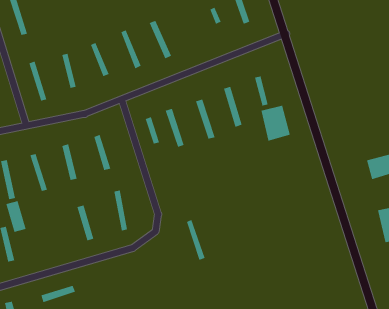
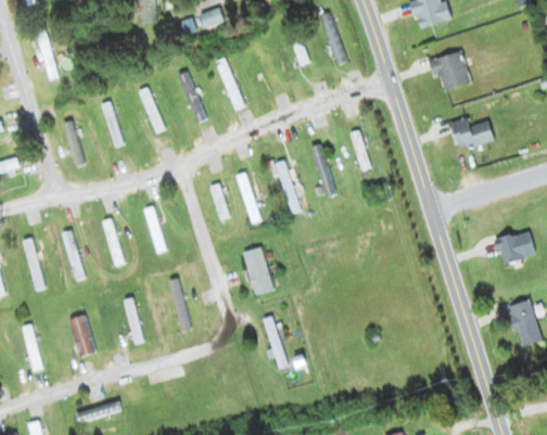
building: none -> [429,51,471,91]
building: none -> [450,118,494,152]
building: [261,105,291,141] -> none
building: none -> [243,247,275,295]
building: [6,200,27,233] -> [68,315,96,356]

